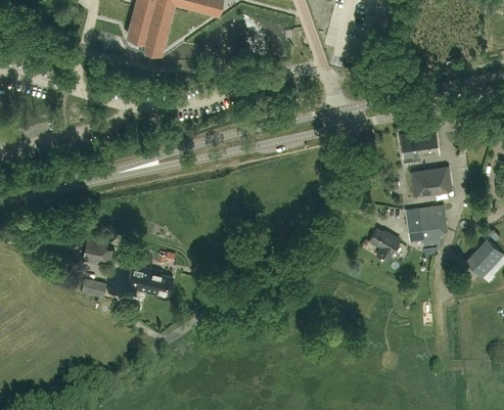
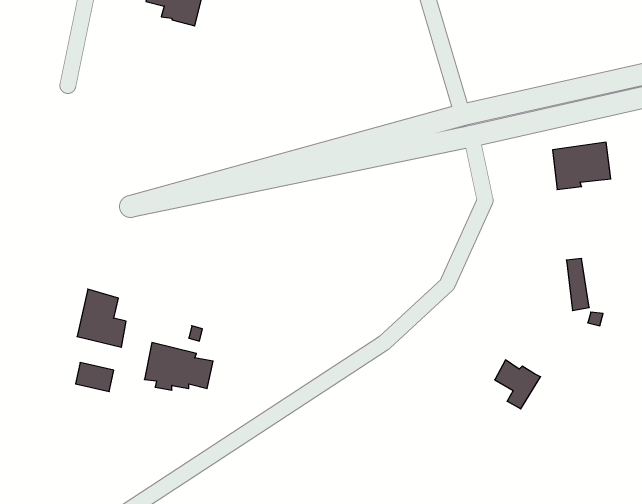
building: [411,168,453,196] -> none
building: [419,206,448,242] -> none
building: [369,229,400,262] -> [495,360,541,409]

